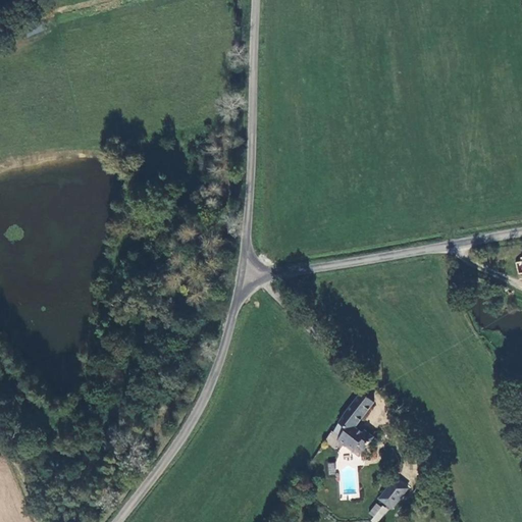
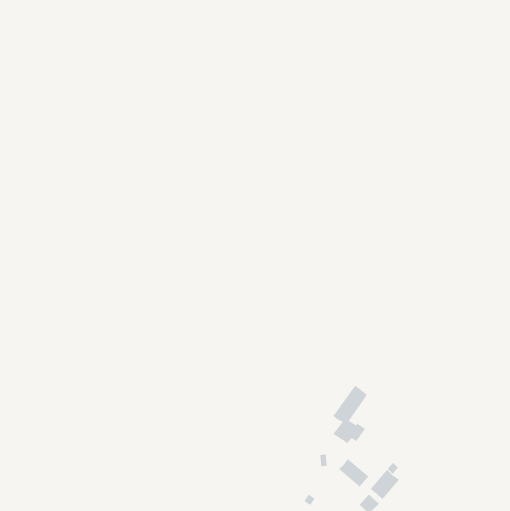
building: none -> [338,458,369,487]

